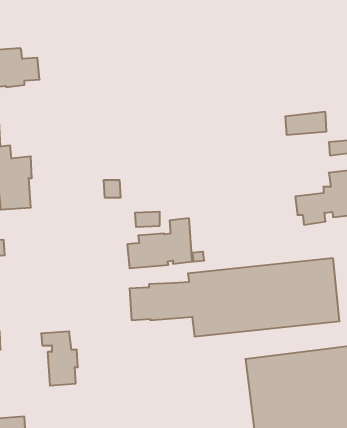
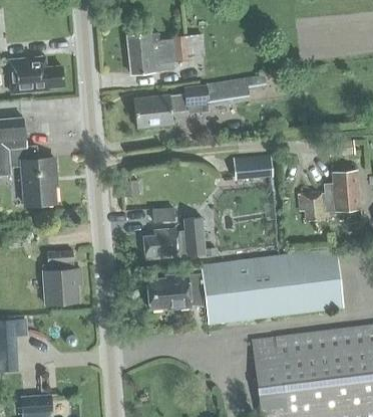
building: none -> [129,31,205,72]
building: none -> [136,76,268,125]
building: [285,112,326,135] -> [235,157,273,178]
building: [41,331,78,386] -> [48,250,82,300]

